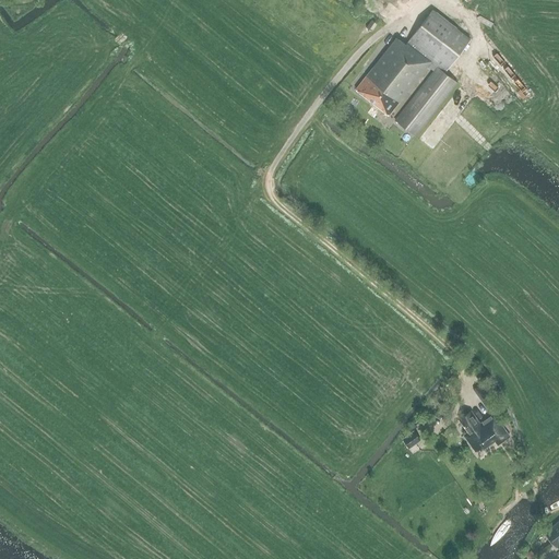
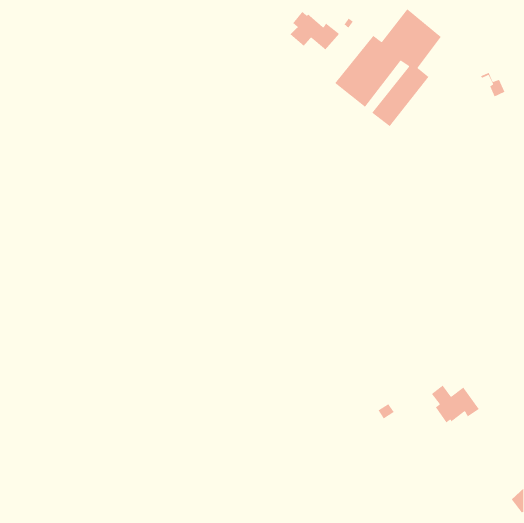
building: none -> [289,11,340,51]

